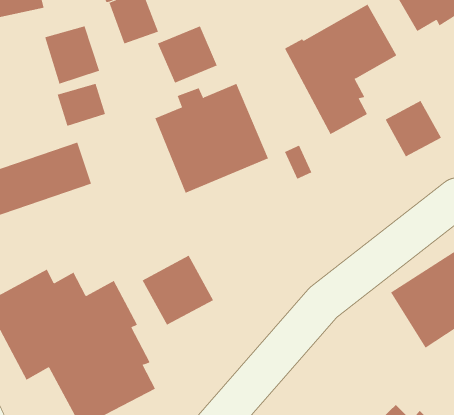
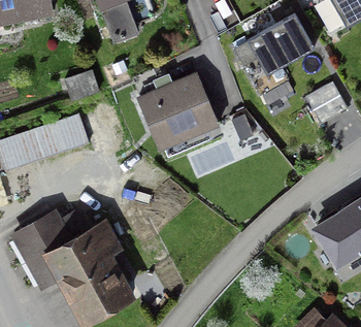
building: [157,25,217,84] -> none
building: [44,26,100,85] -> none
building: [142,255,214,326] -> none

